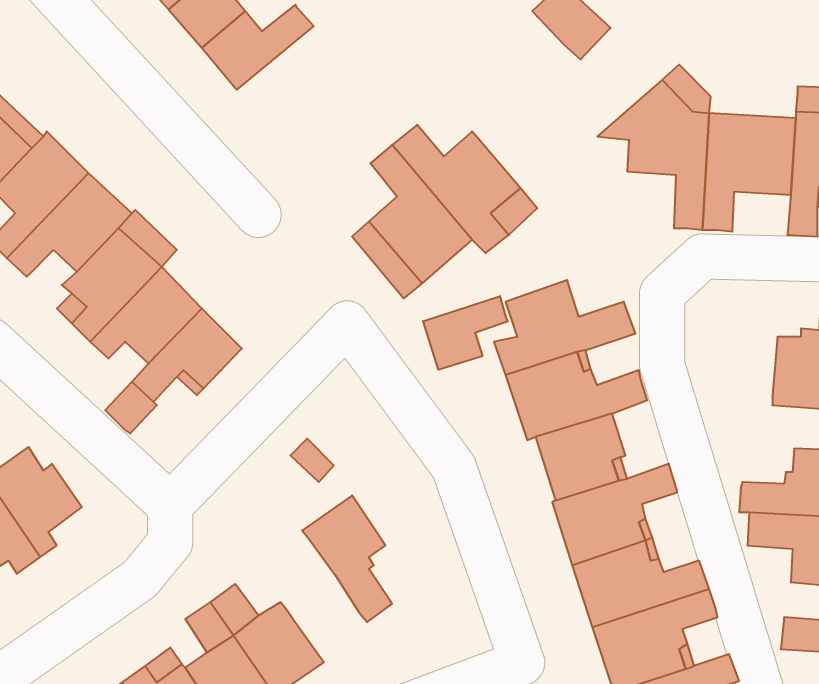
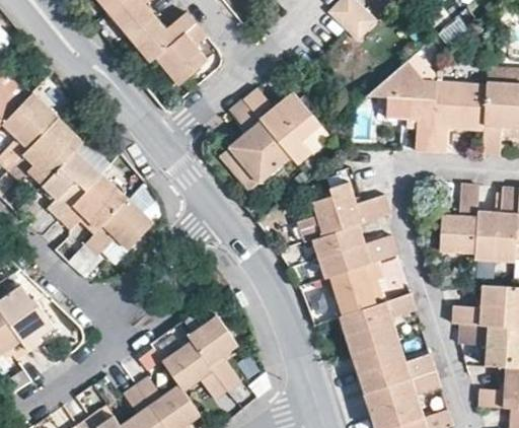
building: none -> [148,27,206,88]
building: none -> [439,184,478,252]
building: [423,296,508,370] -> none
building: none -> [162,339,227,399]

